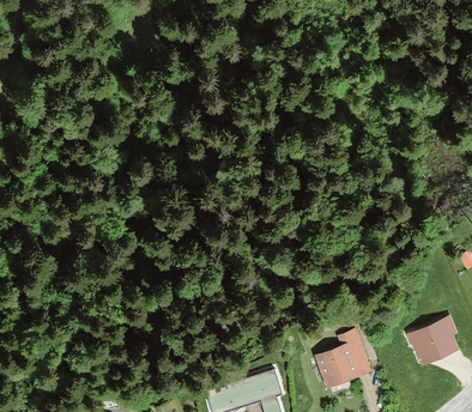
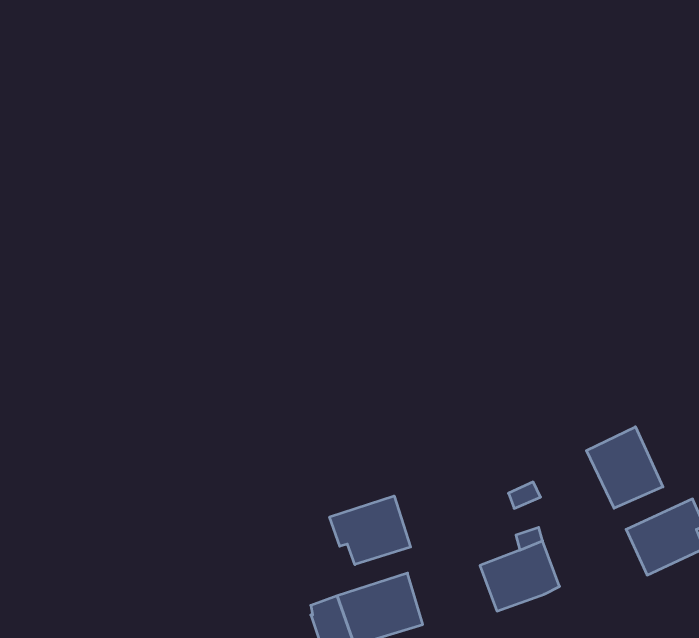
building: none -> [586,427,663,508]
building: none -> [330,496,411,565]

